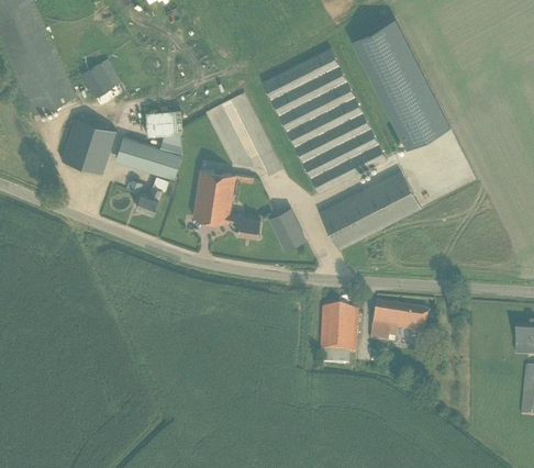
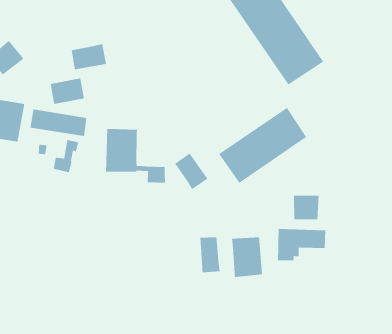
building: [263,49,387,194] -> none
building: none -> [71,43,107,70]
building: none -> [293,195,319,220]
building: none -> [199,236,220,273]

